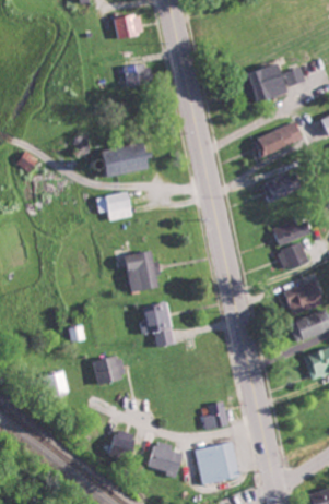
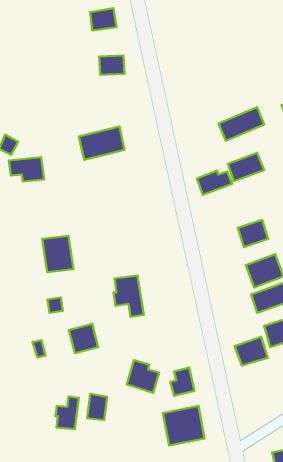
building: [249,63,305,103] -> none
building: [93,193,131,219] -> [9,157,44,182]
building: [272,219,310,245] -> [197,171,232,195]
building: [125,252,158,291] -> [42,236,74,272]
building: none -> [235,337,268,366]
building: none -> [56,396,79,429]
building: [148,441,183,476] -> [127,360,159,393]

